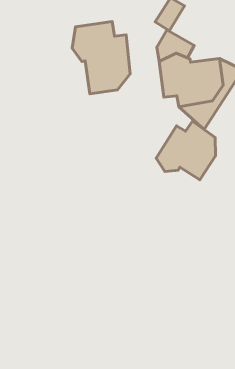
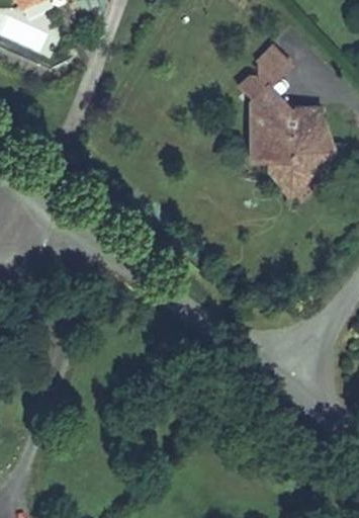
building: [72,21,130,94] -> none
building: [156,121,215,180] -> none

